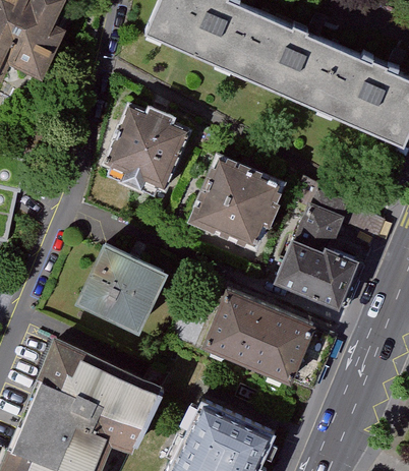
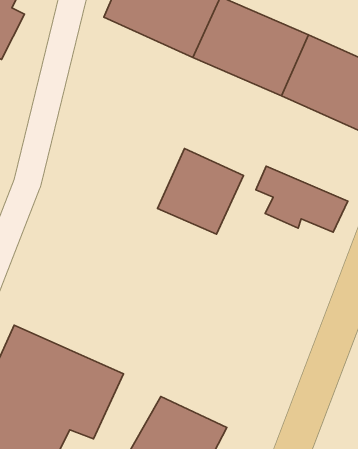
building: [106,107,190,191] -> none
building: [276,243,356,307] -> none
building: [77,249,165,335] -> none
building: [204,295,330,390] -> none

